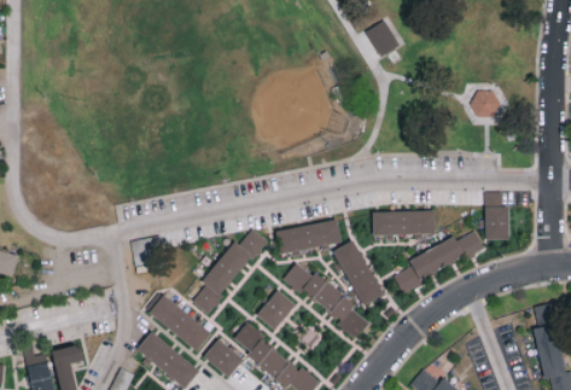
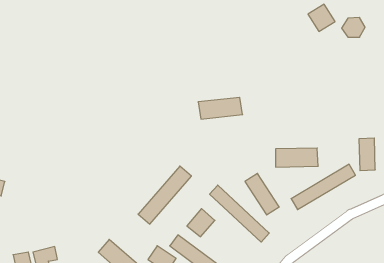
building: [365,19,401,56] -> [308,4,335,31]
building: [468,91,500,117] -> [342,17,365,37]
building: [276,225,336,254] -> [198,97,243,119]
building: [150,297,210,348] -> none

